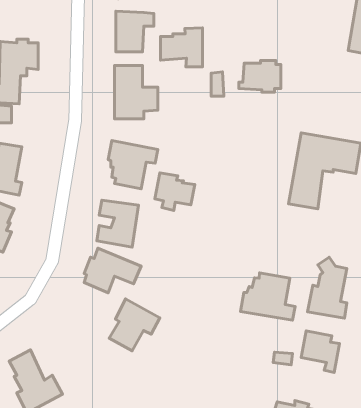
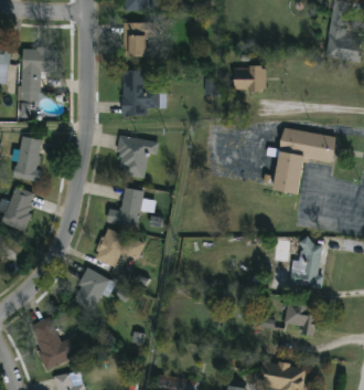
building: [160,28,203,67] -> none
building: [155,173,195,210] -> none
building: [241,273,295,320] -> none
building: [109,299,160,351] -> [72,266,116,312]

